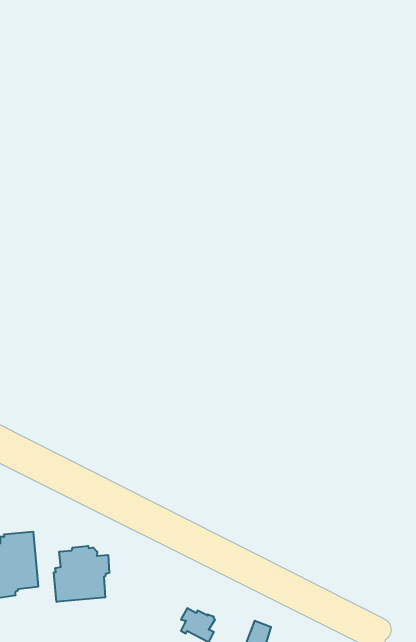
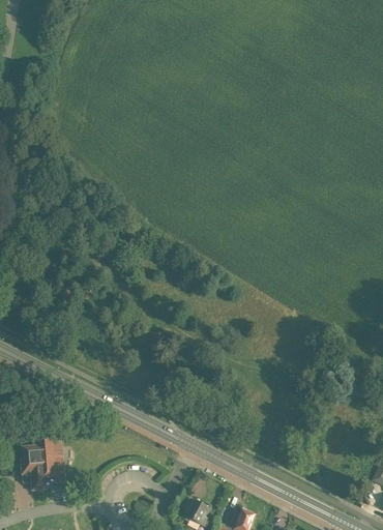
building: [54,546,109,602] -> none

